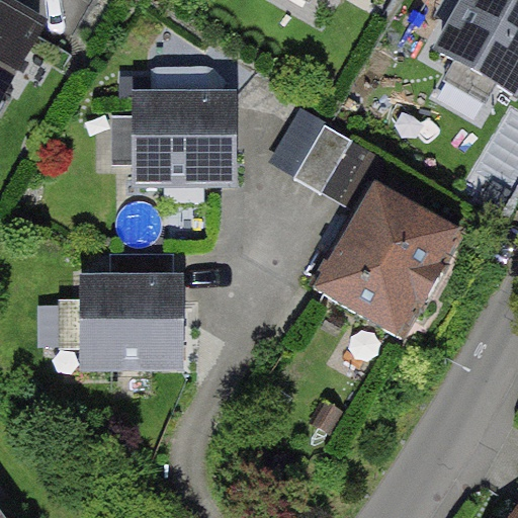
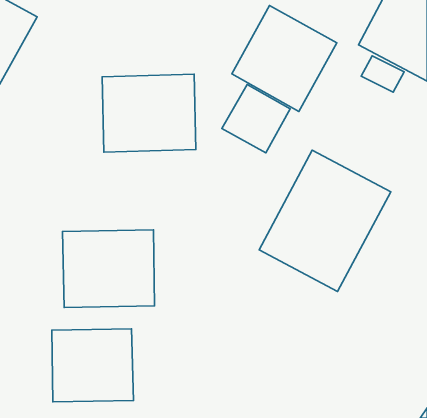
building: none -> [232,5,337,111]
building: none -> [52,329,133,402]

